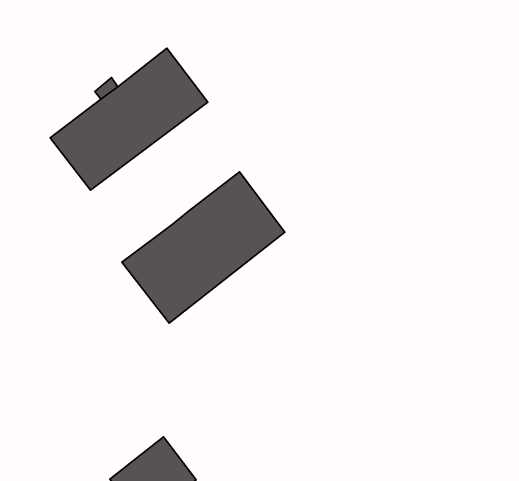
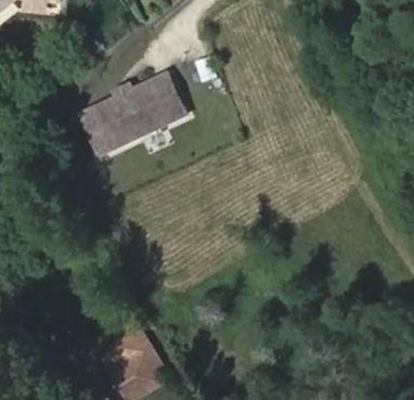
building: [122,172,285,323] -> none

